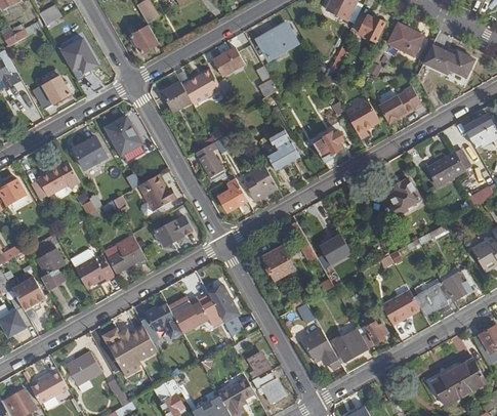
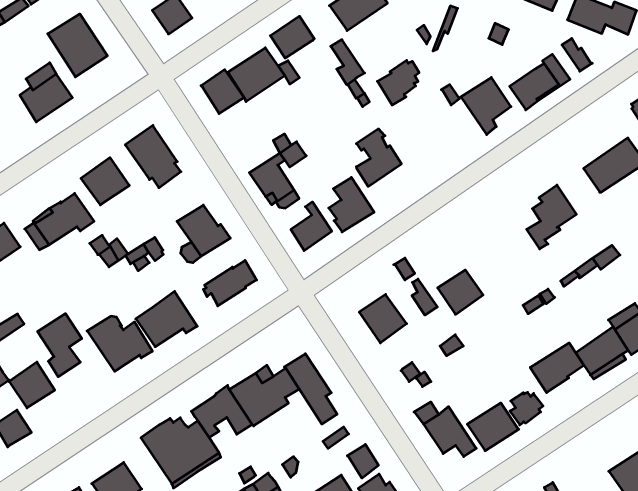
building: [314,130,343,161] -> [377,60,419,105]

